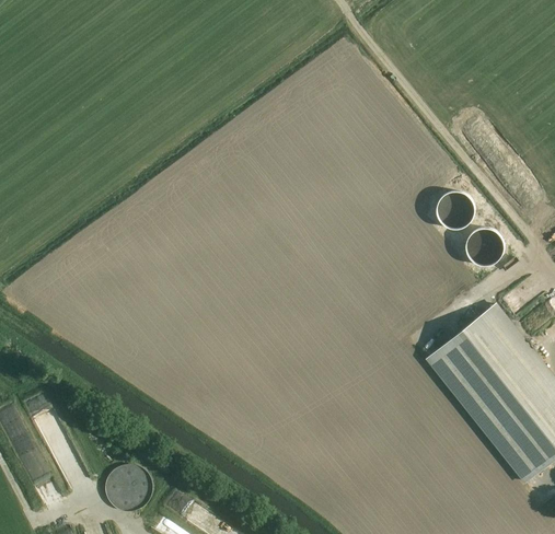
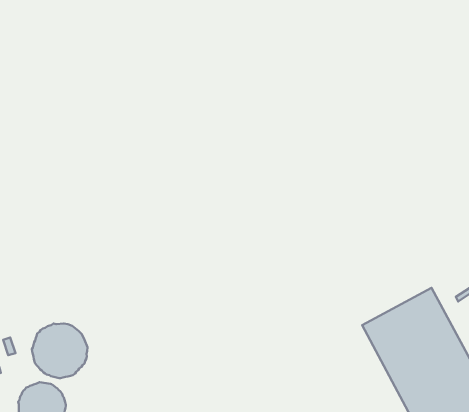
building: none -> [32,323,87,378]

